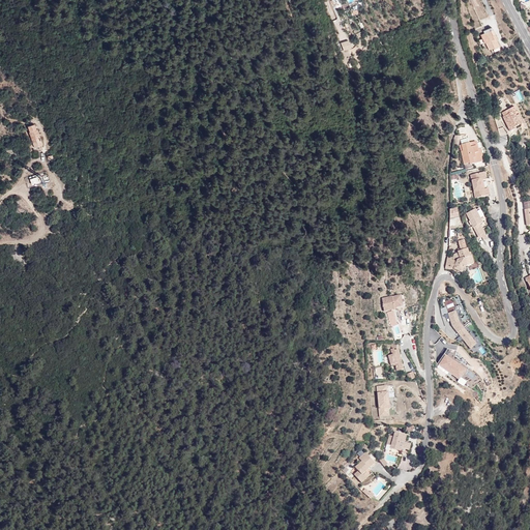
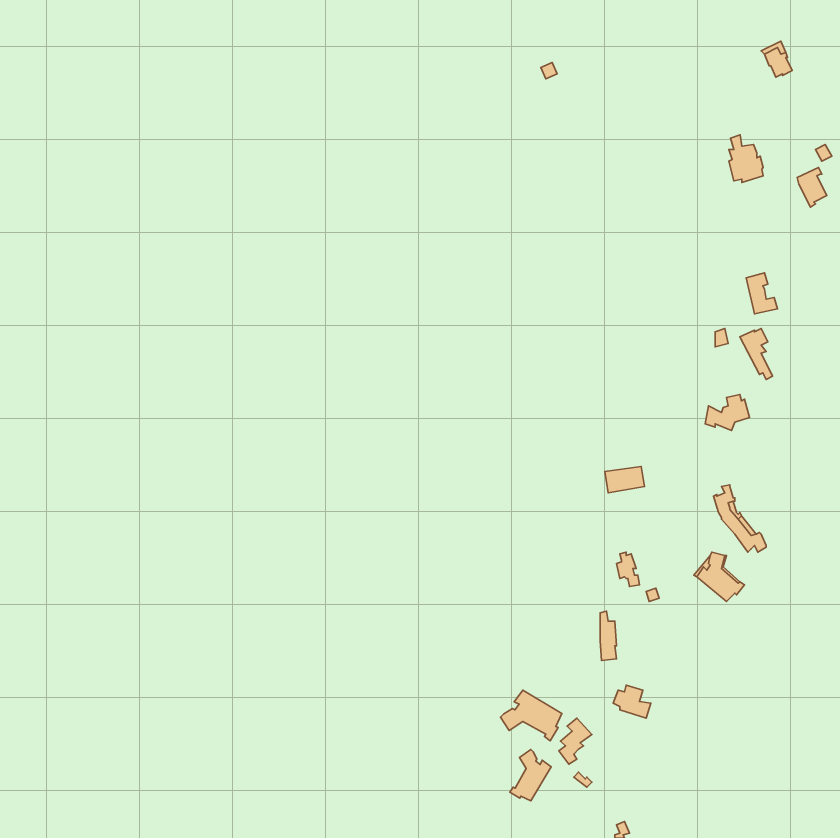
building: [461,135,482,165] -> [729,135,763,182]
building: none -> [501,690,562,741]
building: none -> [510,749,551,801]

